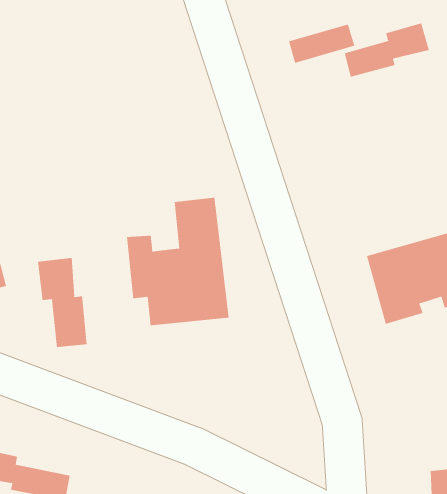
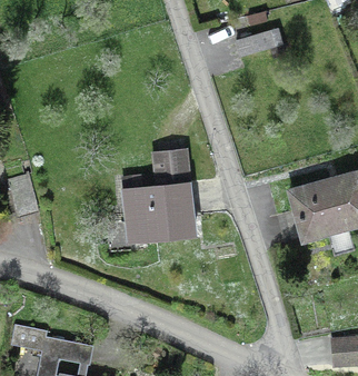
building: [344,23,430,78] -> none
building: [38,257,87,348] -> none

